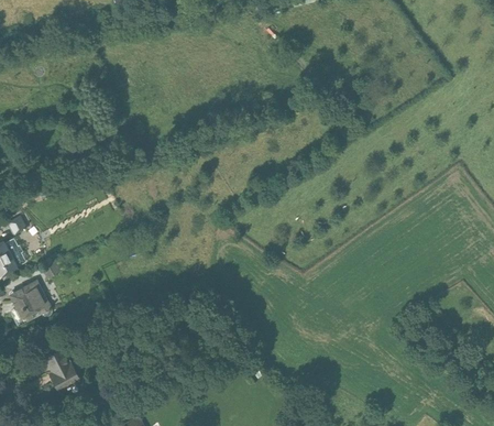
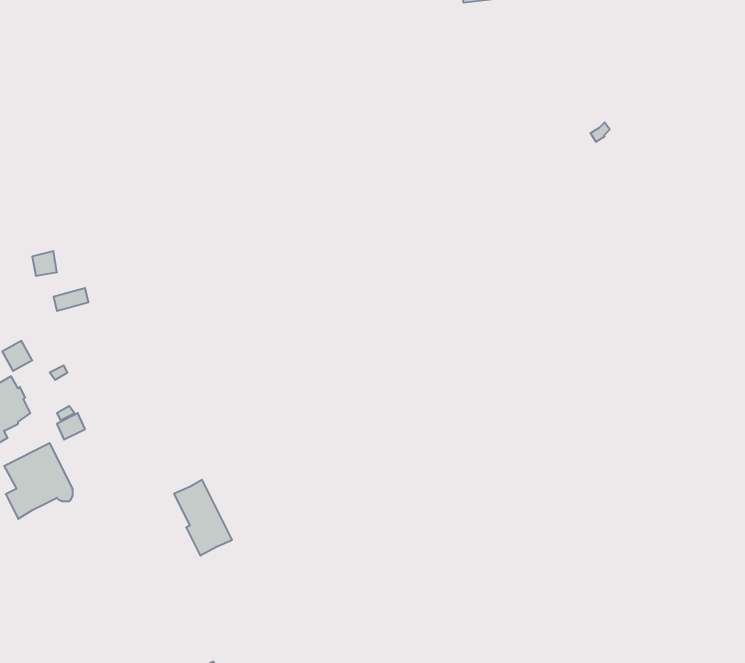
building: [42,342,78,390] -> [174,480,232,556]

